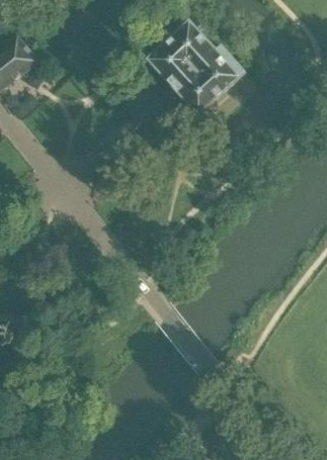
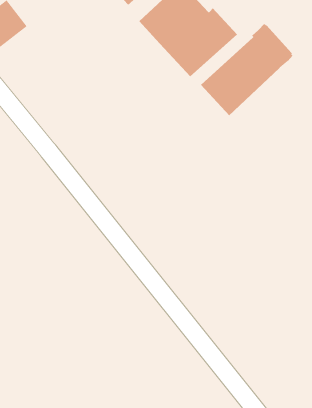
building: none -> [200,23,293,116]

